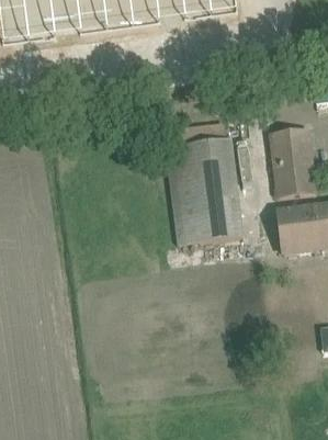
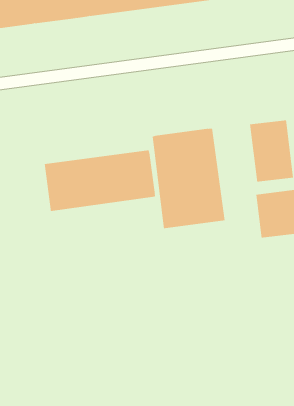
building: none -> [44,150,155,212]

